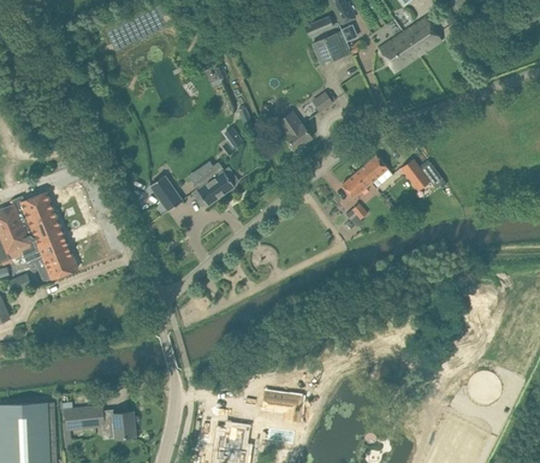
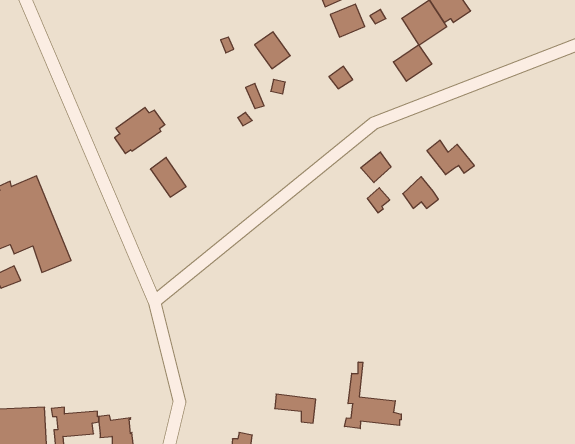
building: none -> [393,45,432,81]
building: [279,115,311,149] -> [255,32,290,69]
building: [358,154,391,183] -> [403,177,438,208]
building: [191,165,237,207] -> [115,107,165,154]
building: none -> [345,362,401,429]

